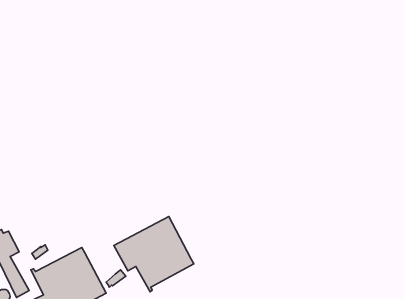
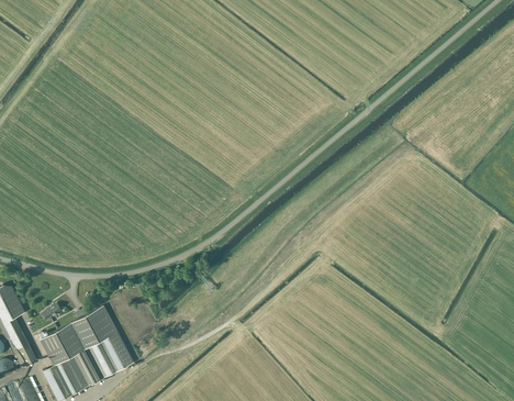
building: [114,217,194,292] -> none

